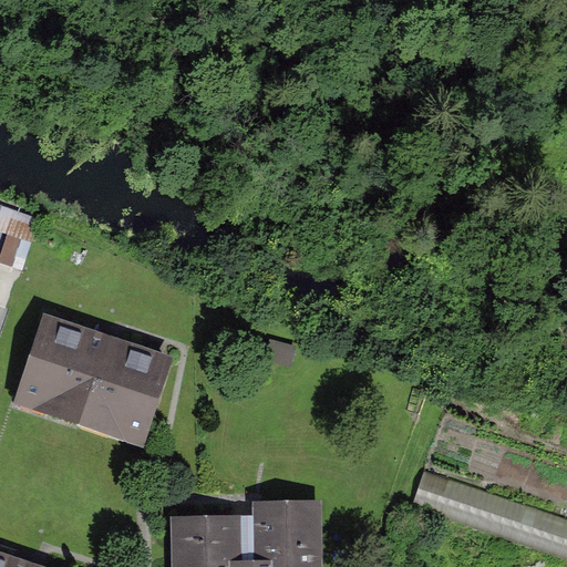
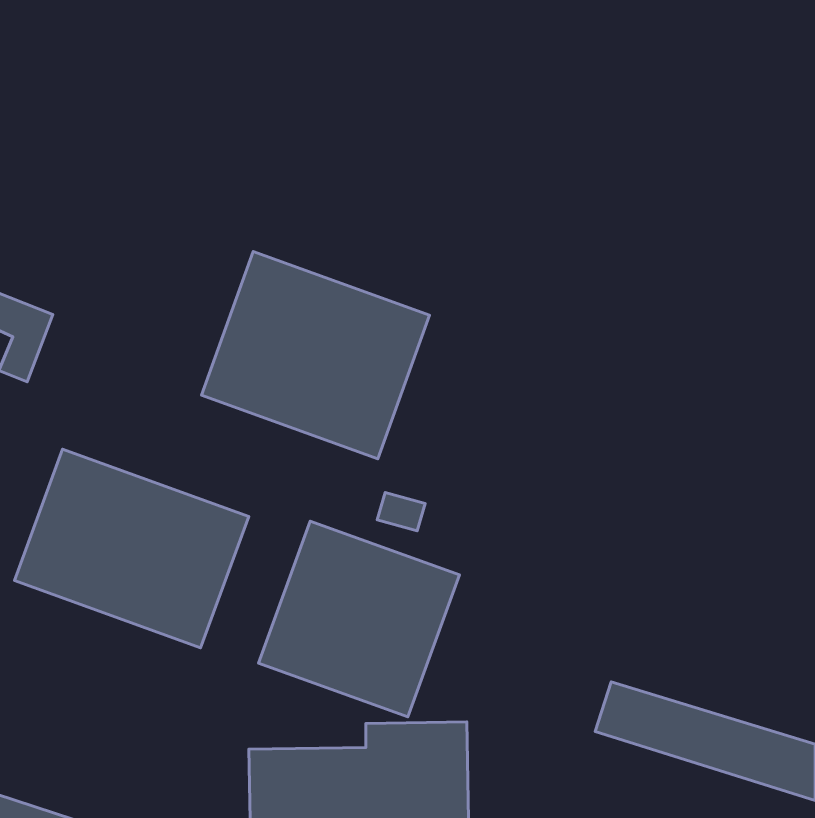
building: none -> [201,251,429,459]
building: none -> [259,521,459,717]

